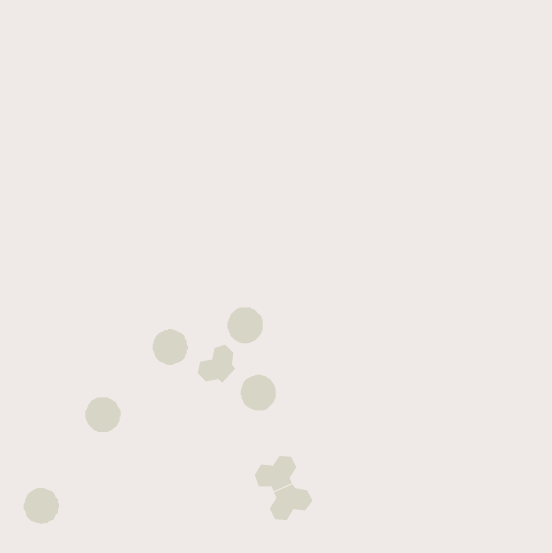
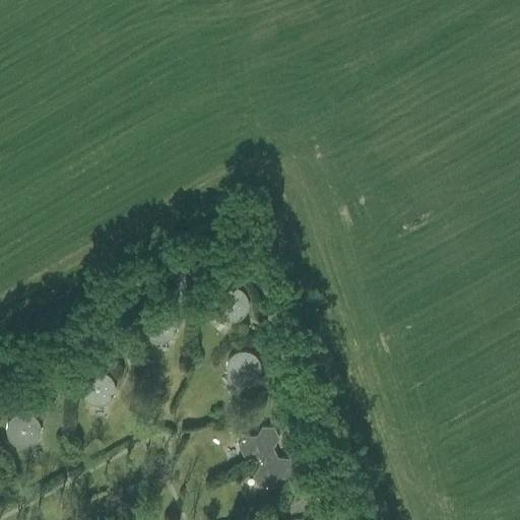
building: [197,344,236,384] -> none
building: [23,488,60,524] -> [7,413,42,448]

